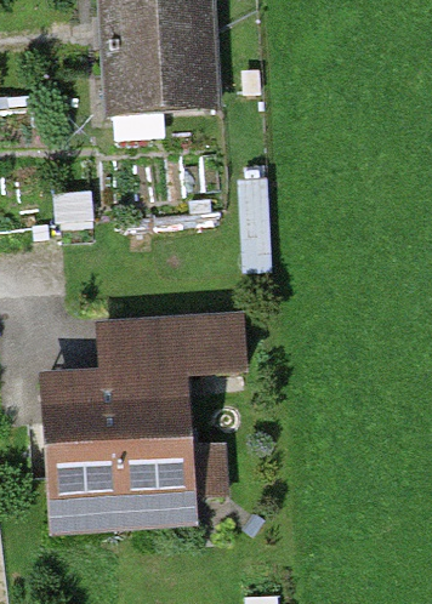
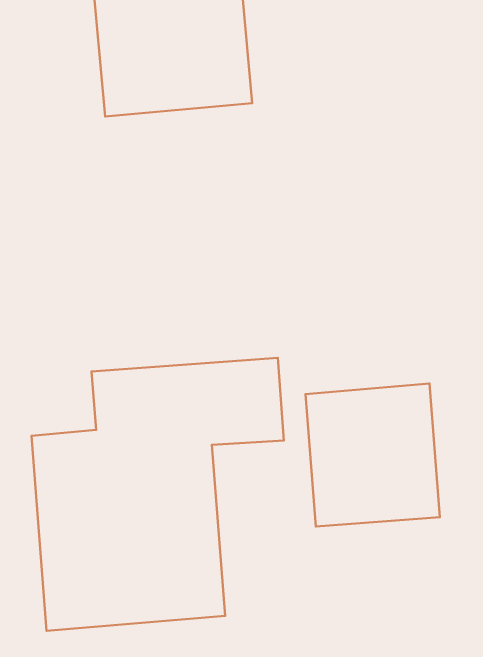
building: none -> [306,384,440,527]

